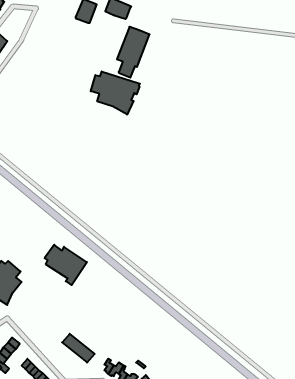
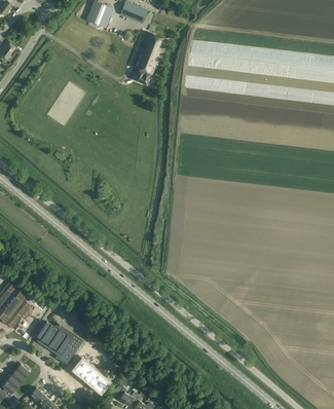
building: [91,71,140,115] -> none
building: [45,245,87,285] -> [36,321,81,364]

